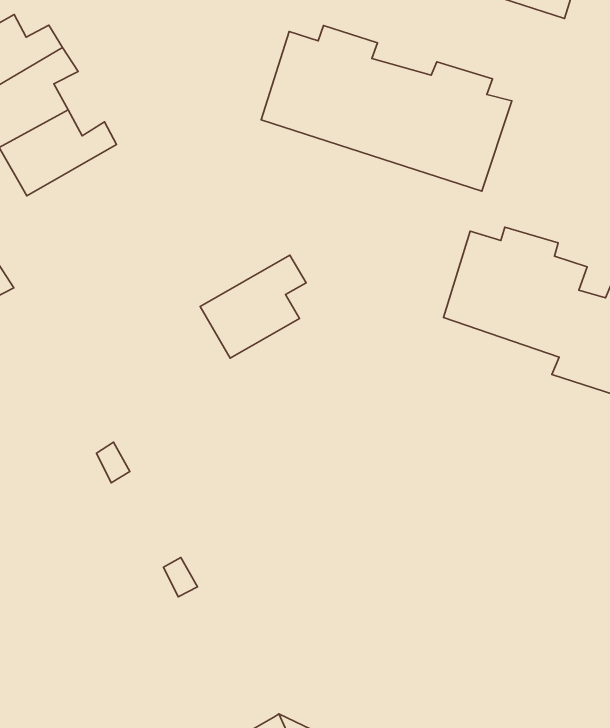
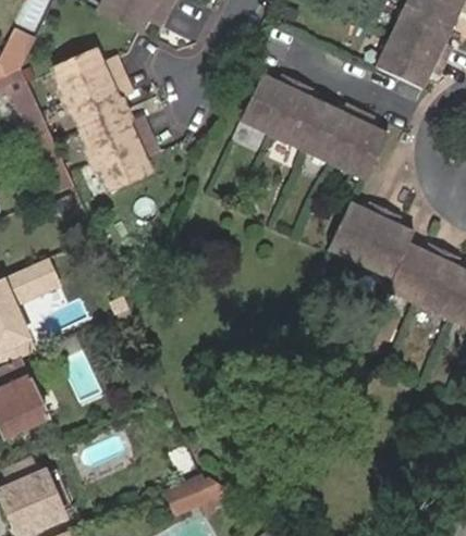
building: [200,255,306,358] -> [95,129,159,186]

